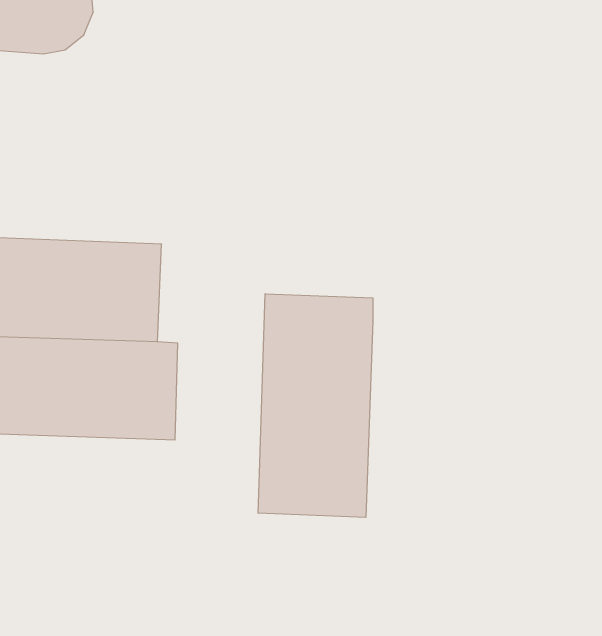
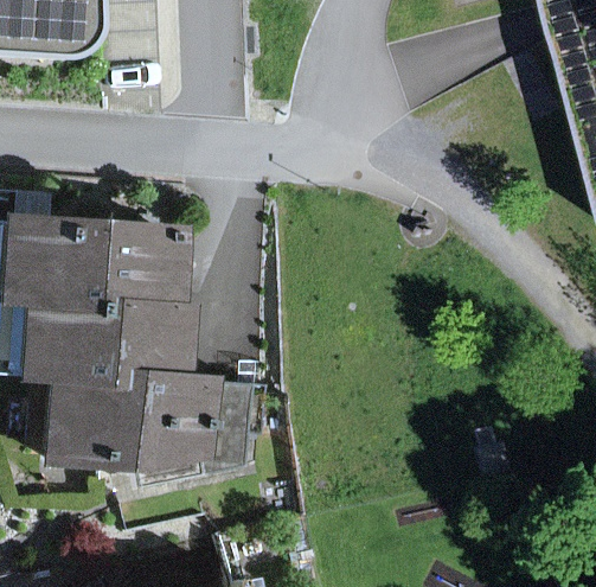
building: [258,294,373,517] -> none
building: none -> [41,389,212,479]

